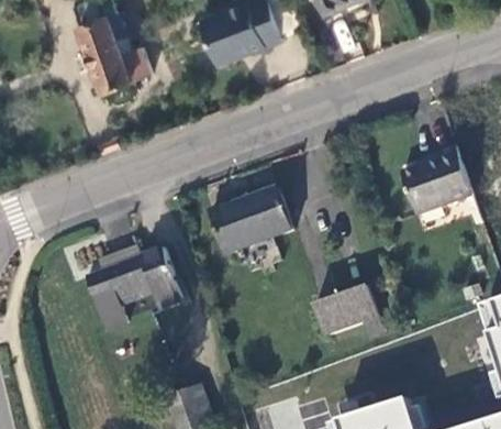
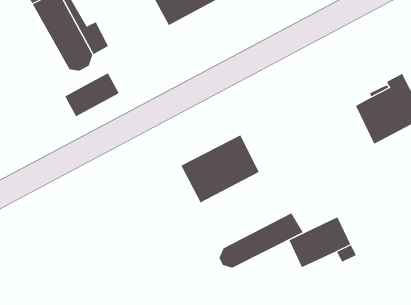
building: none -> [64,72,119,117]
building: [87,246,181,326] -> none
building: none -> [219,212,304,268]

